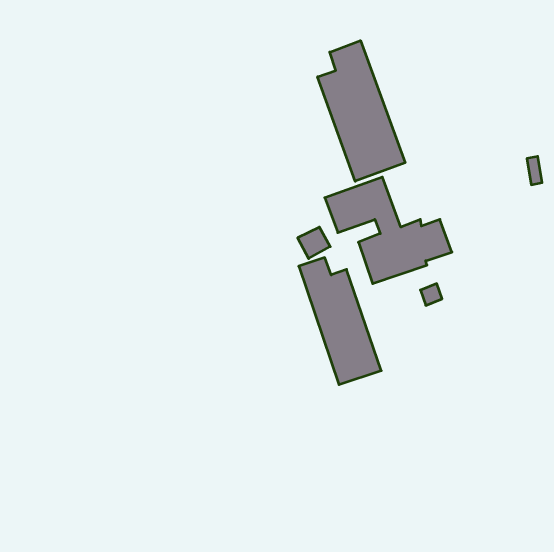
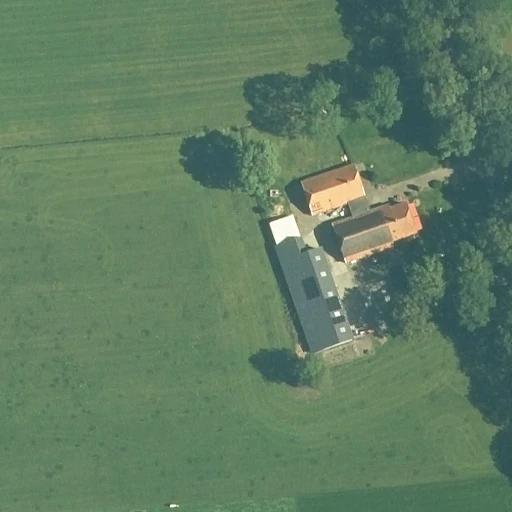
building: [318,41,405,181] -> none

